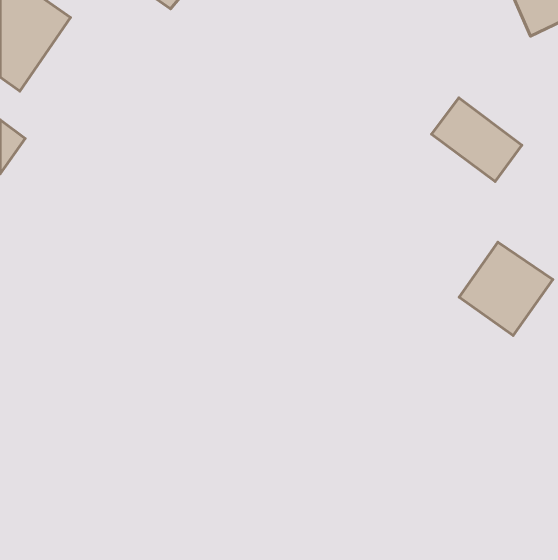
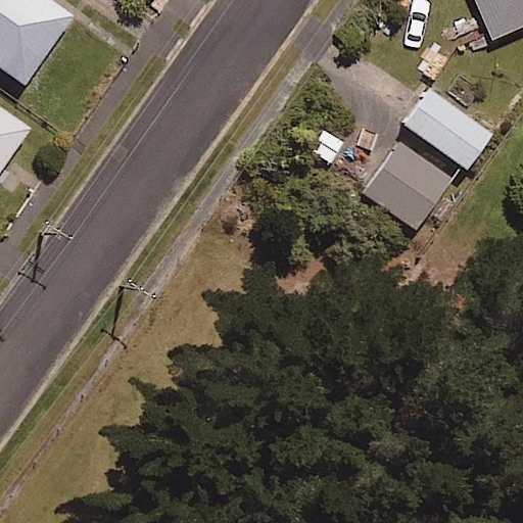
building: [459,242,553,336] -> [364,142,450,229]

